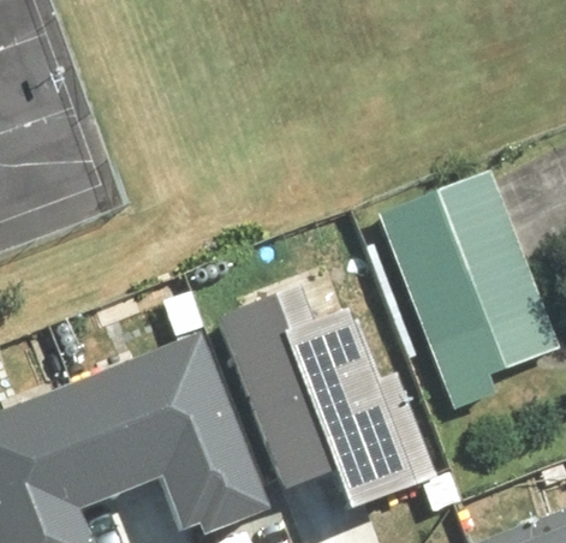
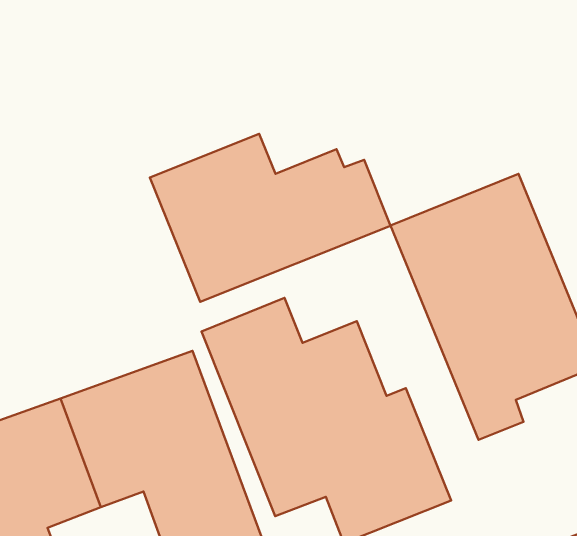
building: none -> [150,134,391,302]

